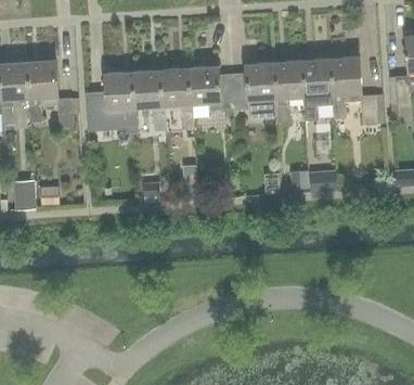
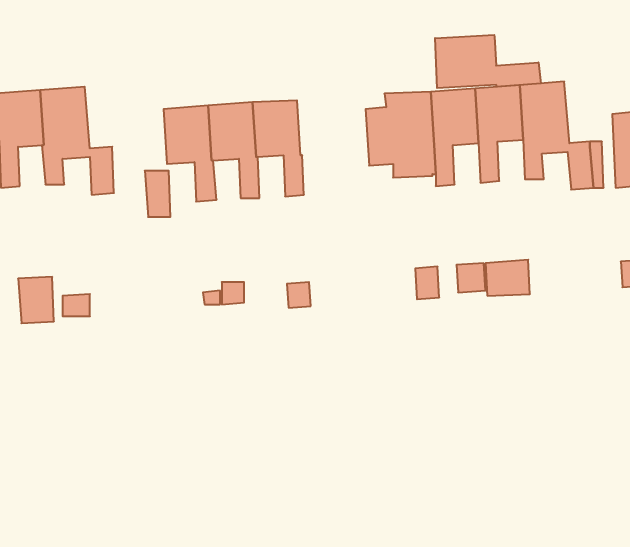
building: none -> [435,35,541,88]
building: [190,66,235,112] -> none

